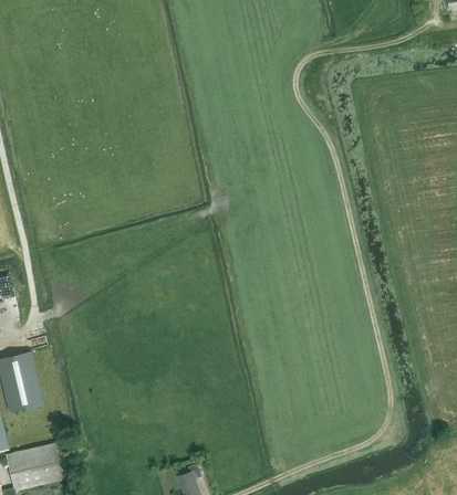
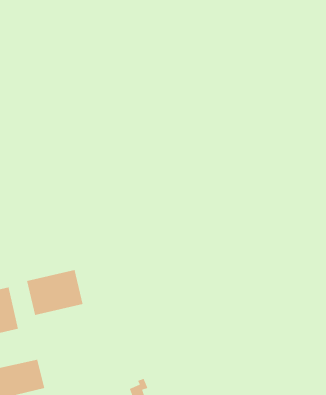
building: none -> [26,269,84,316]

